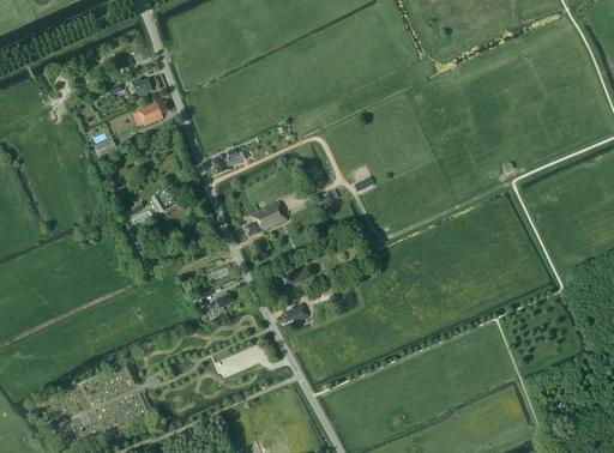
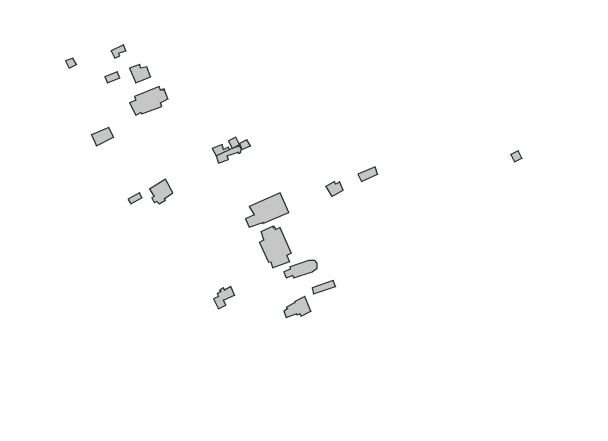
building: none -> [259,226,291,268]

